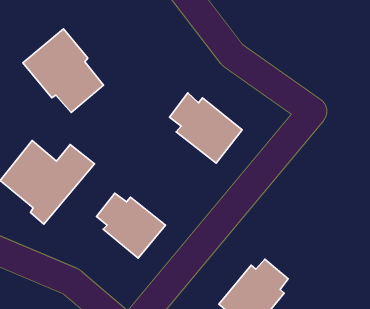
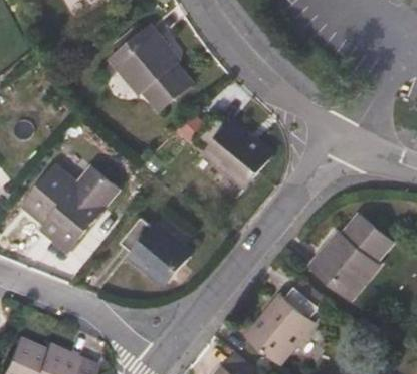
building: [23,29,103,113] -> [110,24,193,110]
building: none -> [311,213,394,298]

